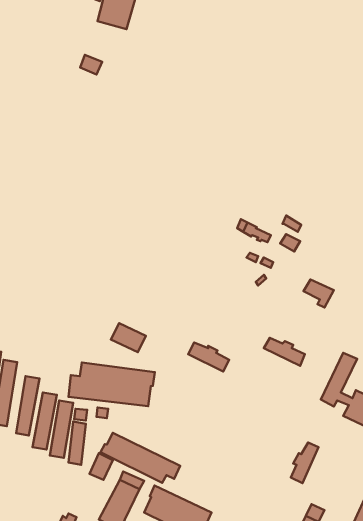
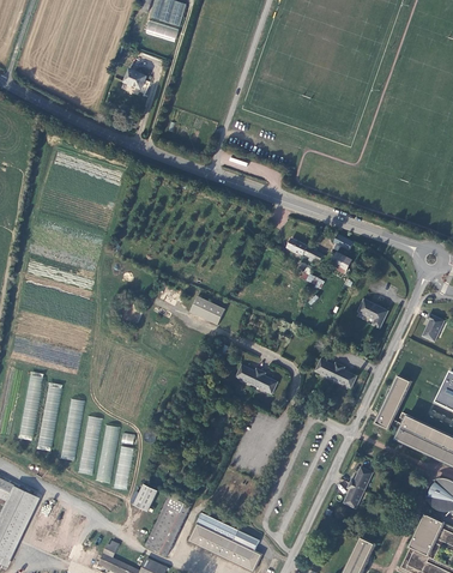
building: [111,323,146,352] -> [189,296,225,326]
building: [68,362,155,406] -> none
building: [101,433,180,483] -> none

